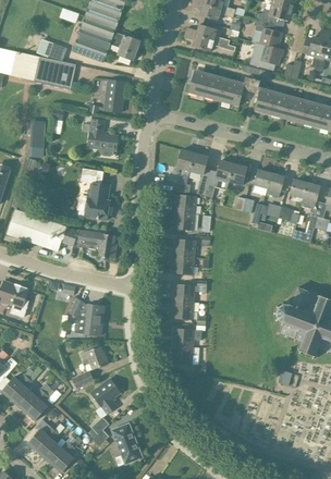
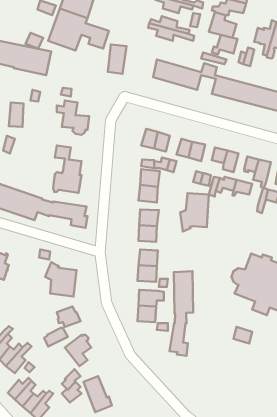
building: [105,79,125,112] -> [108,44,126,74]
building: none -> [180,193,209,231]
building: none -> [170,271,193,356]

